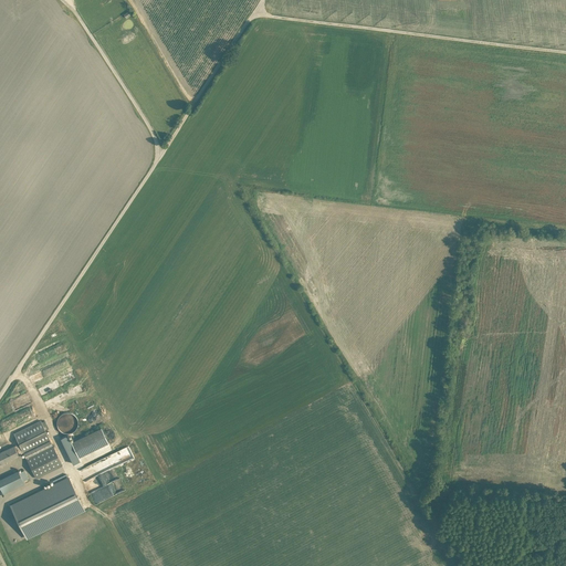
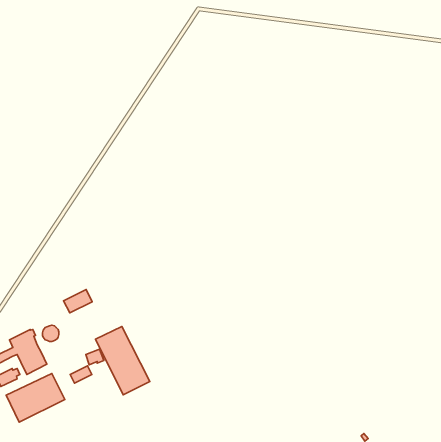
building: none -> [96,326,150,395]
building: [70,428,106,458] -> [64,290,92,313]

